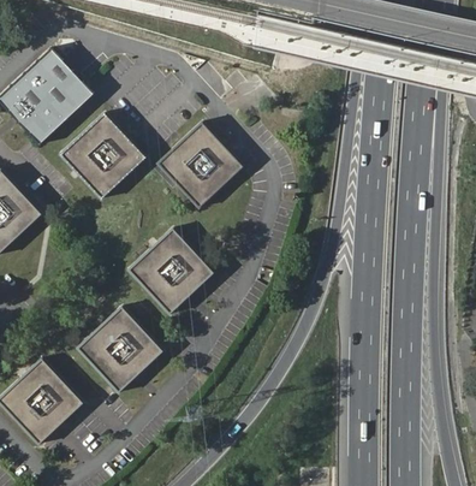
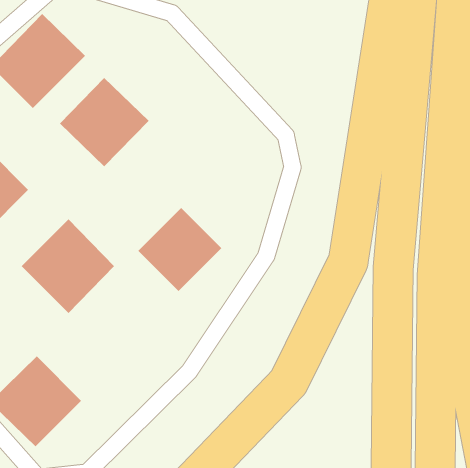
building: [163,123,242,201] -> none
building: [78,308,163,395] -> [21,218,115,314]

